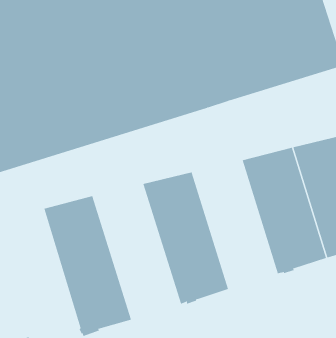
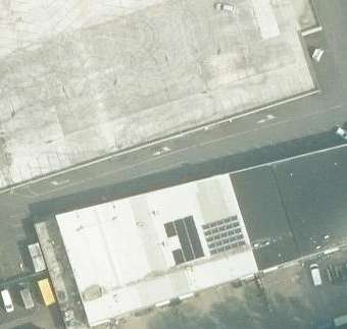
building: none -> [196,169,269,280]
building: none -> [110,189,186,307]

